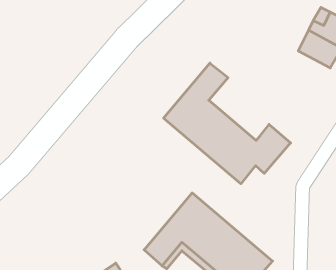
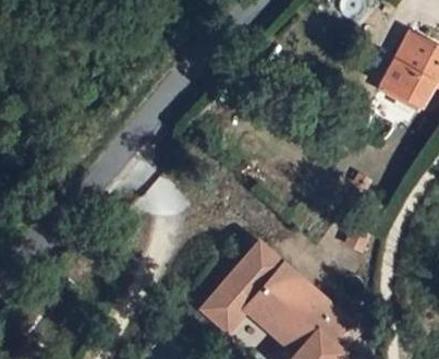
building: [164,63,291,184] -> none

